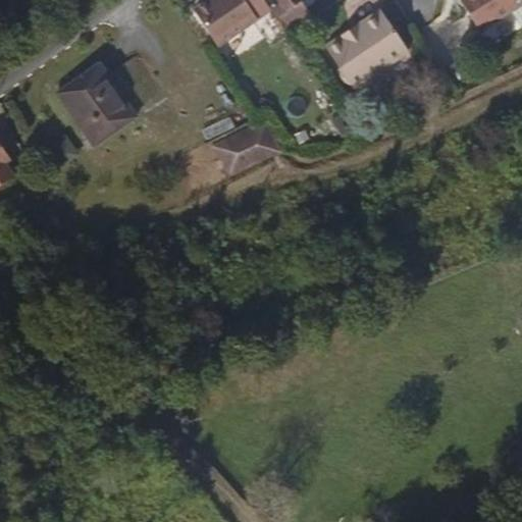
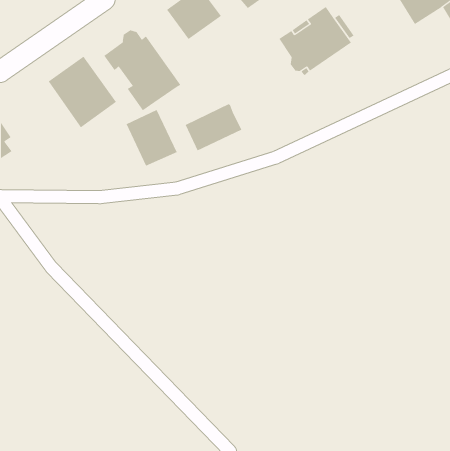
building: none -> [103,30,181,111]
building: none -> [126,109,177,167]

